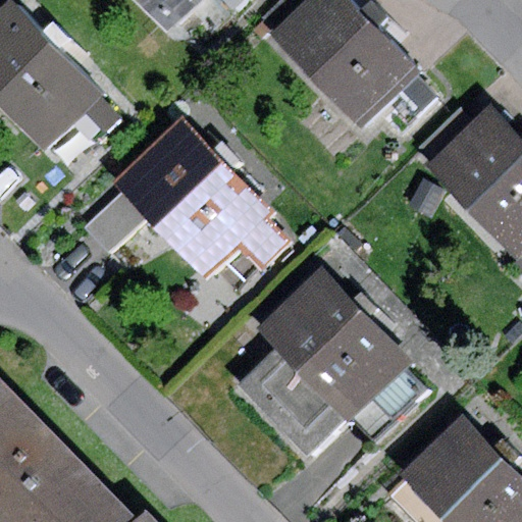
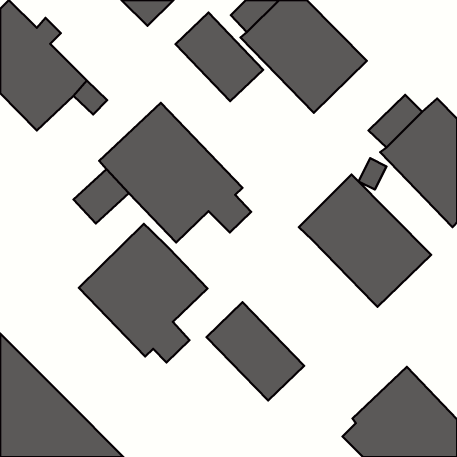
building: none -> [176,13,263,101]
building: none -> [79,224,208,362]
building: [261,270,412,421] -> [299,174,431,307]

